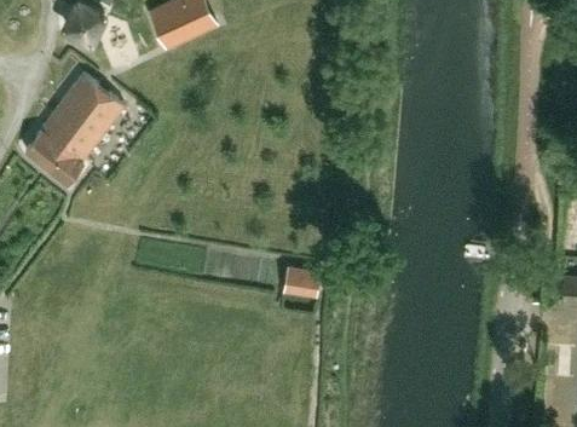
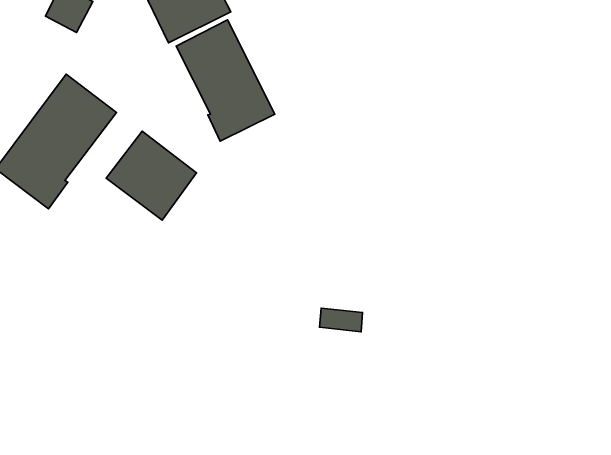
building: none -> [176,20,275,141]
building: none -> [106,131,197,220]

